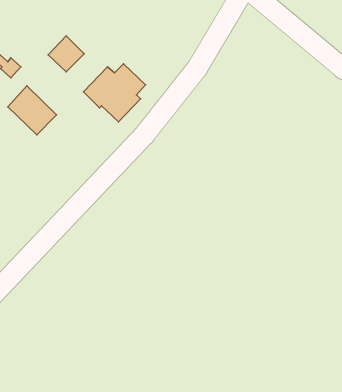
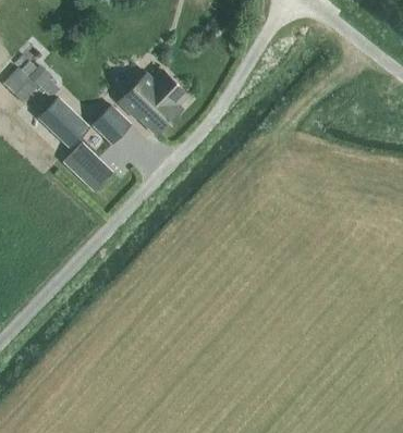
building: [48,36,84,72] -> [91,104,131,144]
building: none -> [63,143,113,193]

